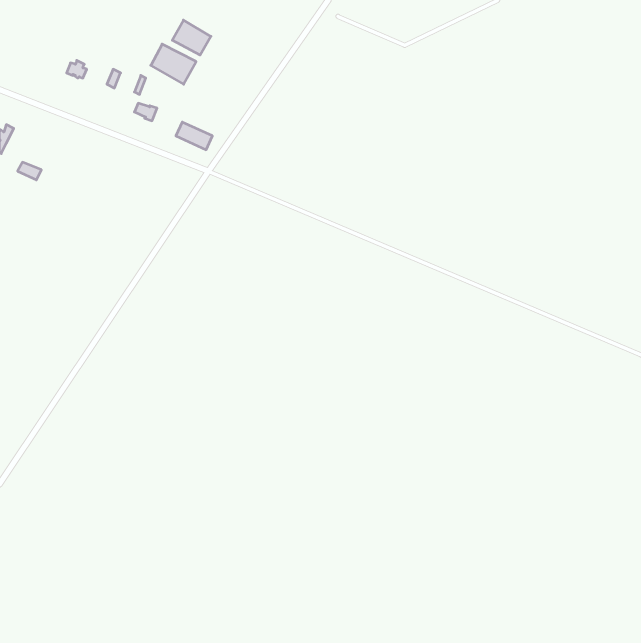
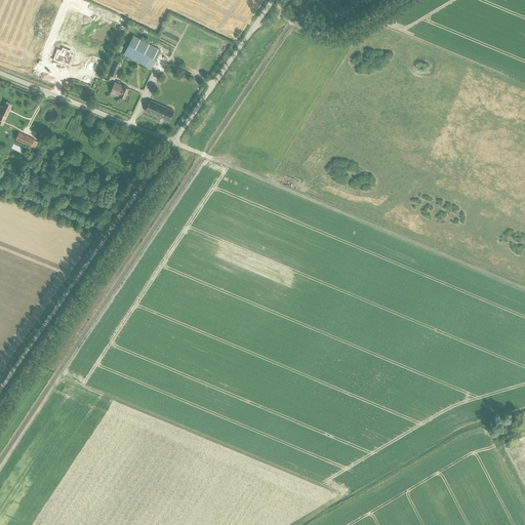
building: [172,20,211,55] -> none

